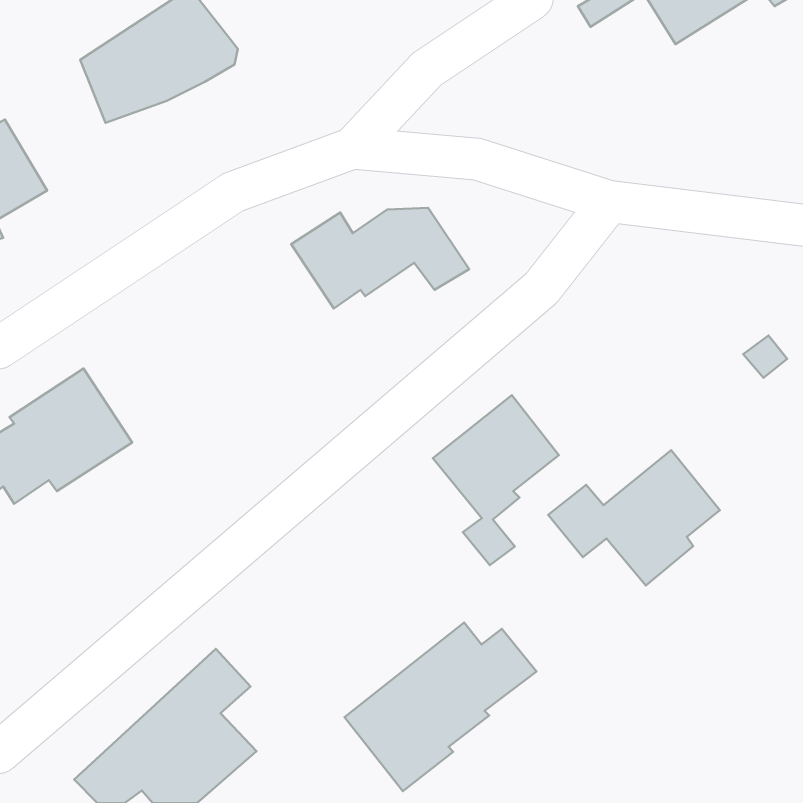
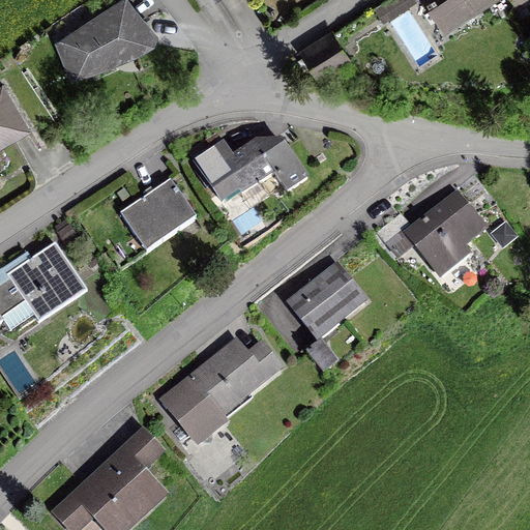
building: none -> [296,26,349,78]
building: none -> [119,178,196,252]
building: [548,450,720,586] -> [375,188,488,277]
building: [344,623,537,791] -> [157,336,284,447]

